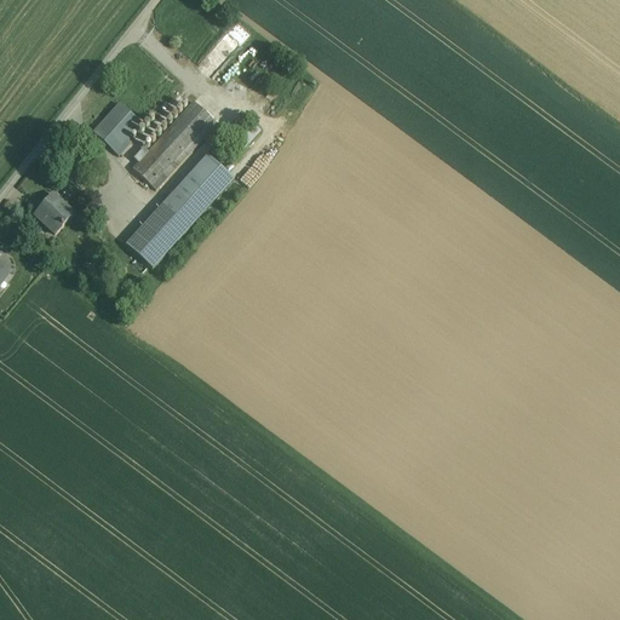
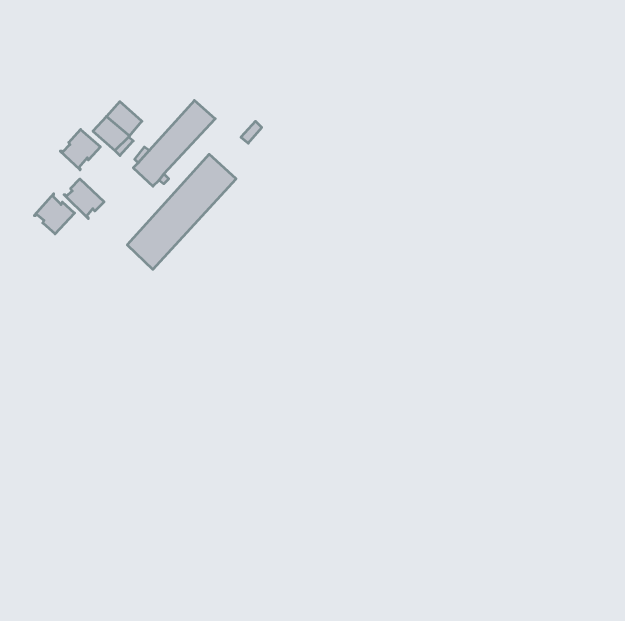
building: none -> [60,129,100,170]
building: none -> [64,179,104,219]

